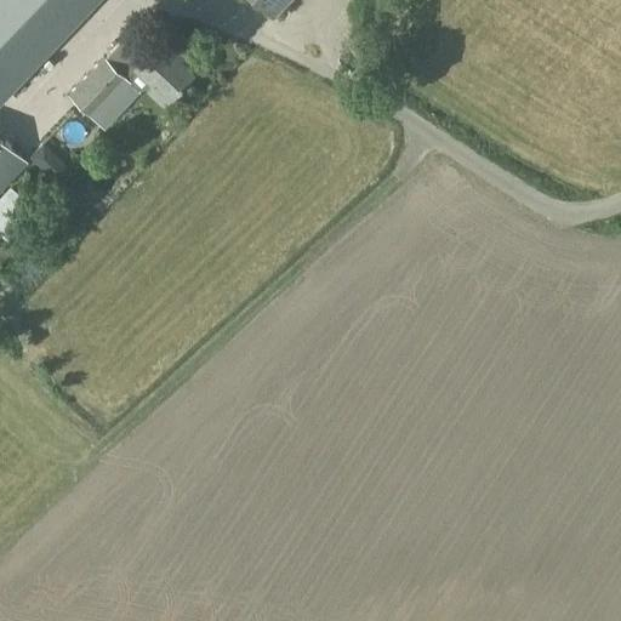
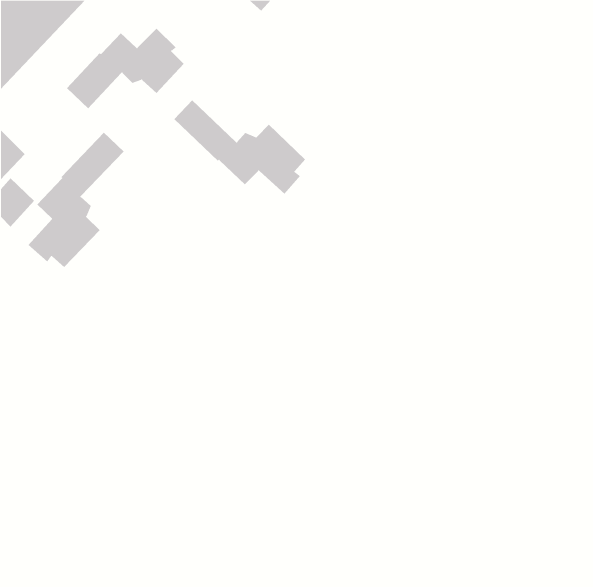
building: none -> [173,99,306,195]
building: none -> [28,132,124,268]

